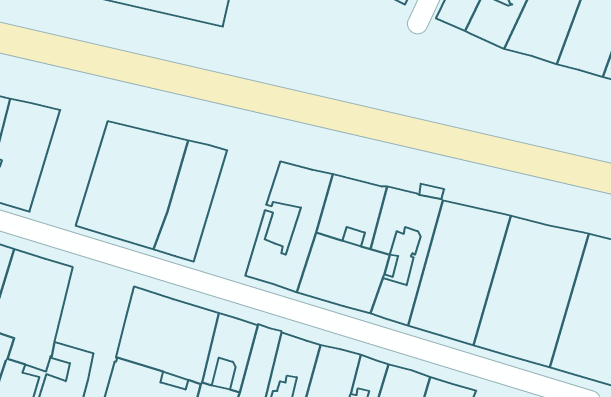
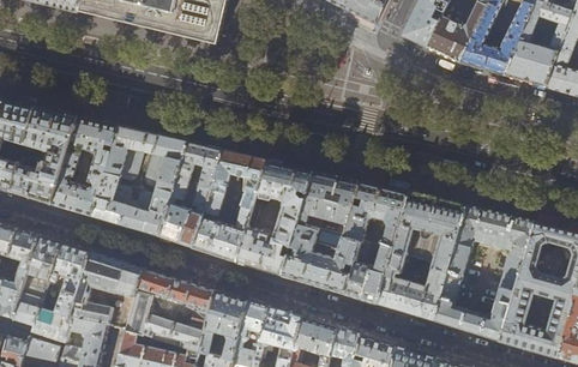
building: none -> [50,116,118,216]
building: none -> [192,151,266,259]
building: none -> [72,252,140,326]

